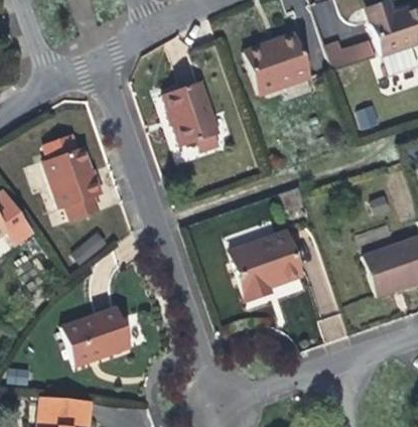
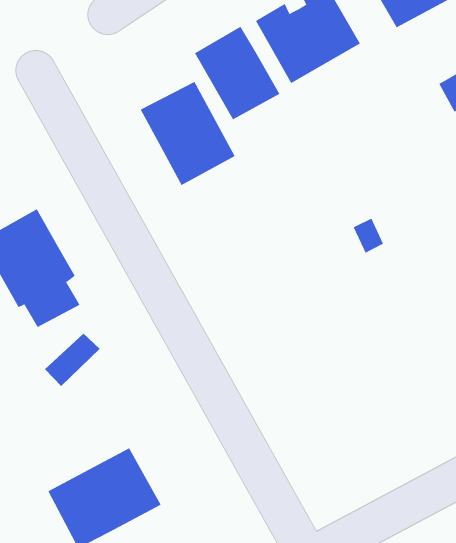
building: none -> [194,26,280,120]
building: [230,234,304,306] -> none

